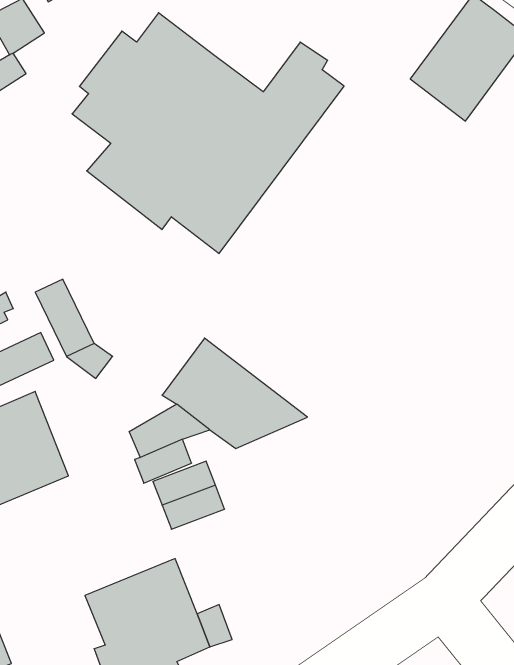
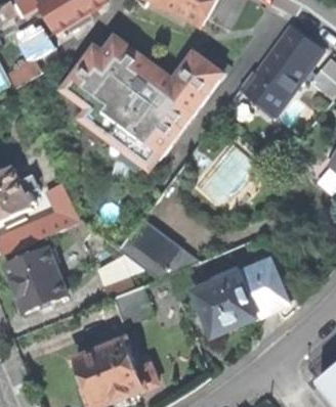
building: none -> [238,70,286,114]
building: none -> [194,259,288,334]

